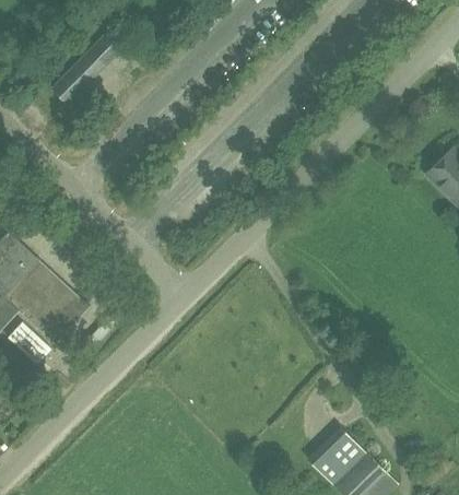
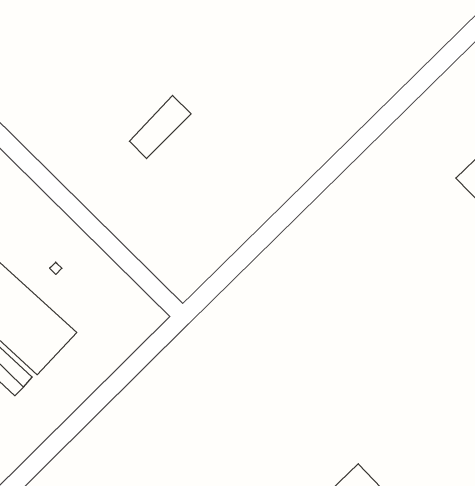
building: [50,49,105,105] -> [129,95,191,159]

